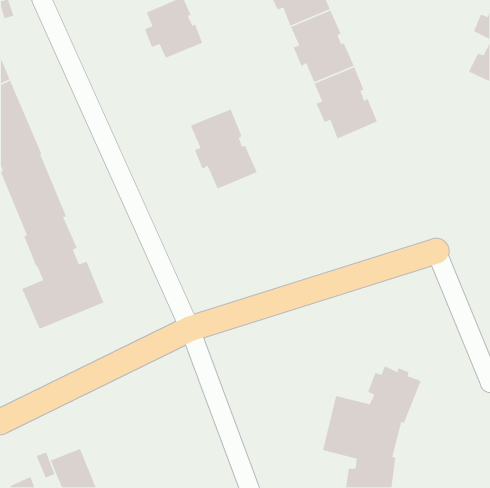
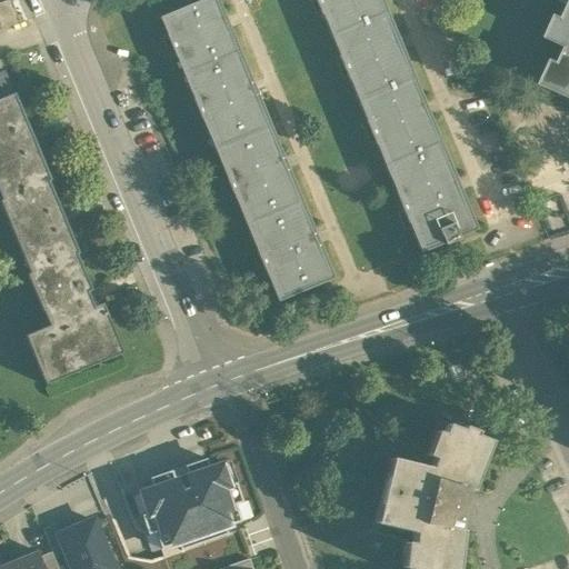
building: none -> [182,50,268,148]
building: none -> [385,141,473,250]
building: none -> [246,200,330,298]
building: none -> [140,459,241,550]

